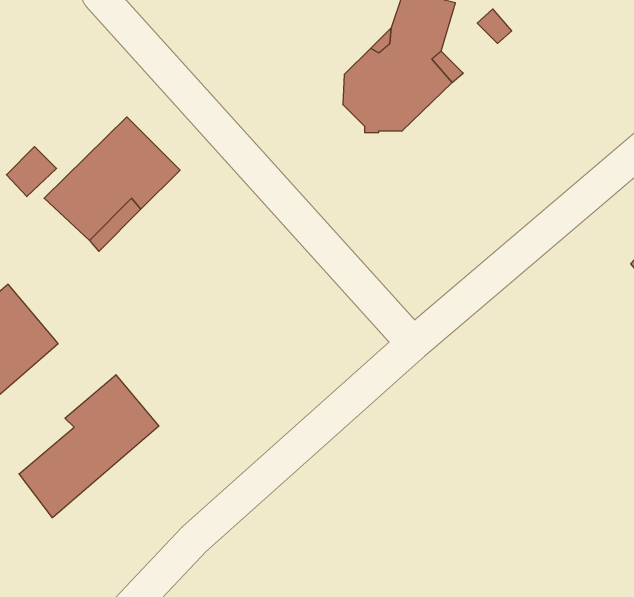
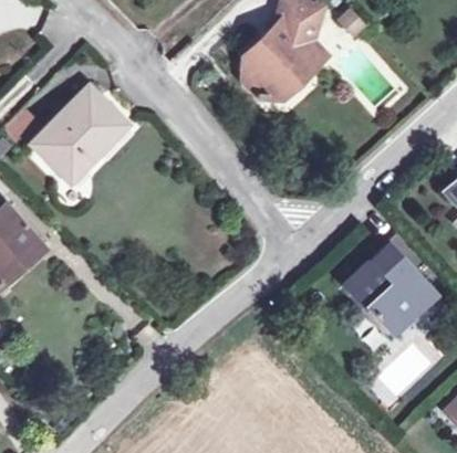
building: none -> [345,244,433,329]
building: [19,375,159,518] -> none

